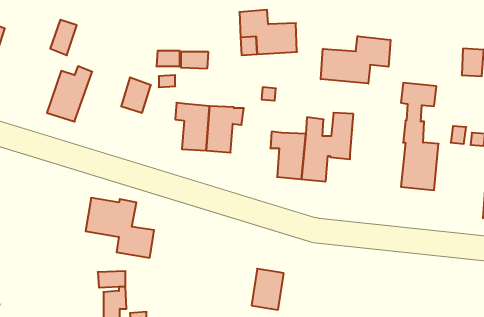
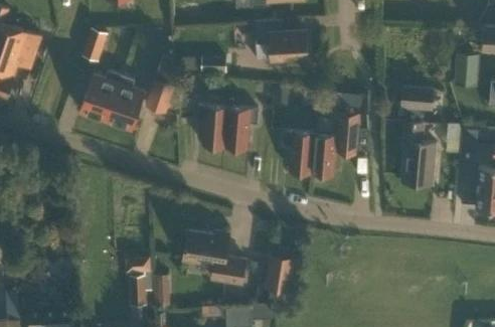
building: [321,36,390,84] -> none
building: none -> [106,76,145,131]
building: [86,198,154,258] -> [184,230,246,285]

